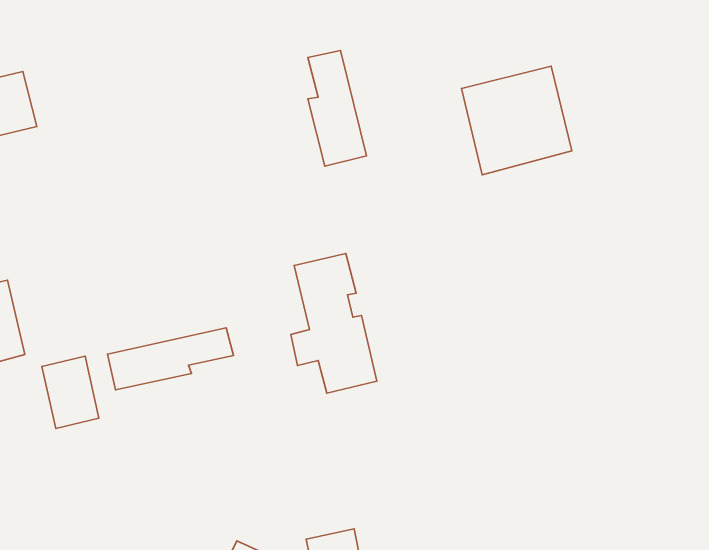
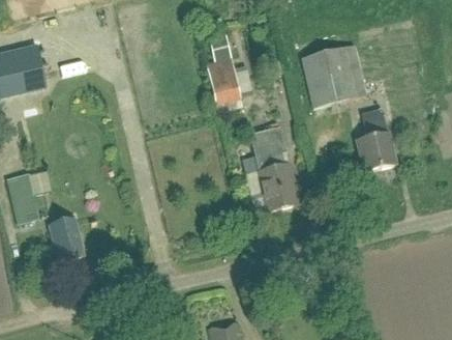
building: none -> [357,108,395,171]
building: [291,253,377,393] -> [247,126,299,210]
building: [108,328,234,390] -> none

